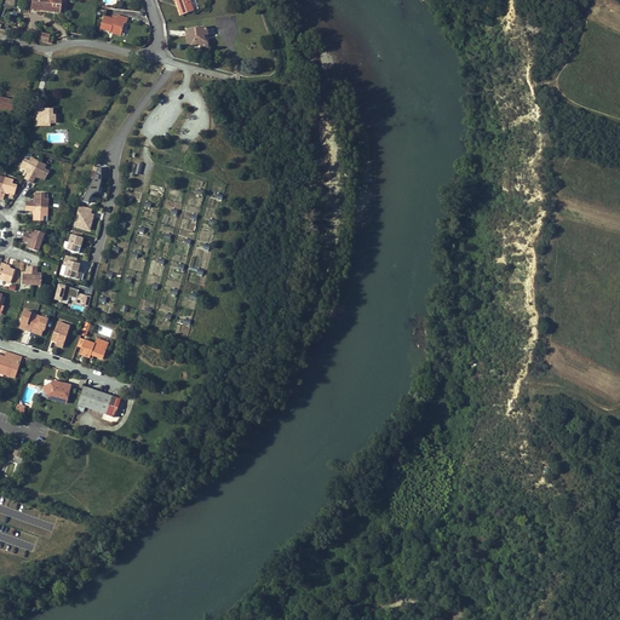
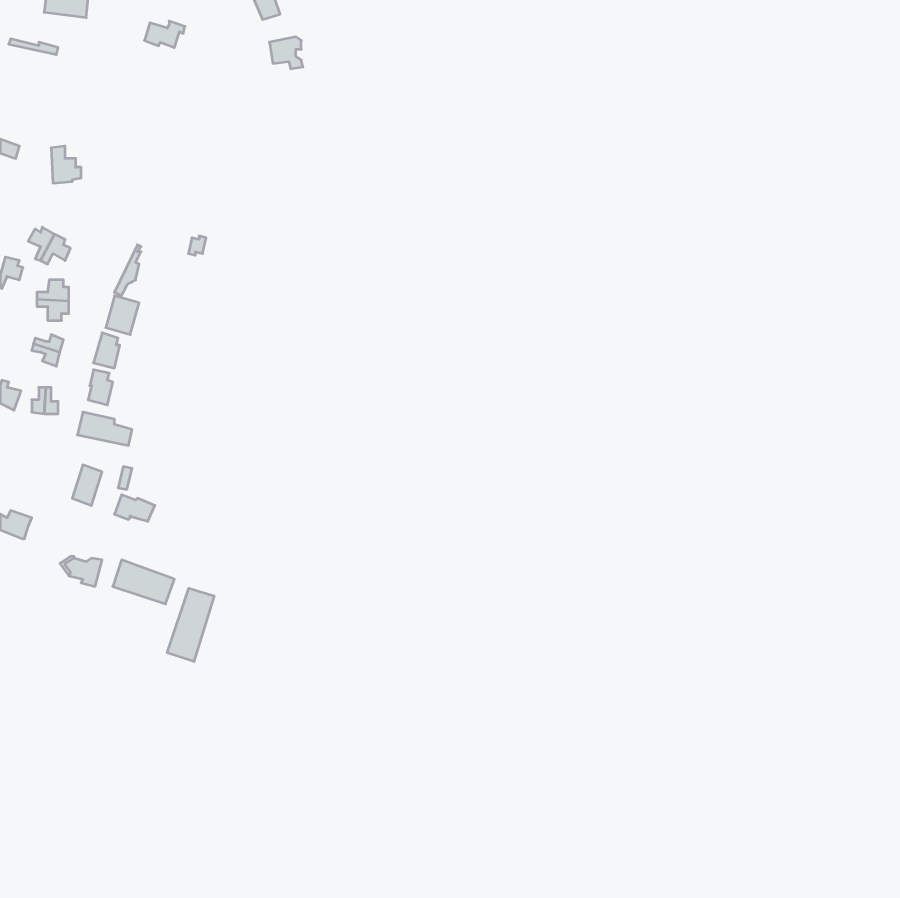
building: [17,309,48,338] -> none
building: none -> [167,588,214,662]

